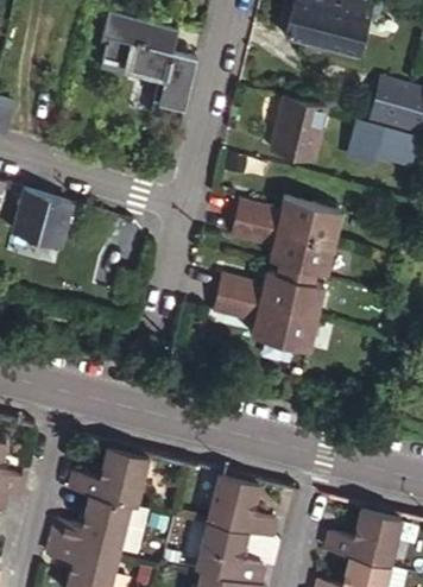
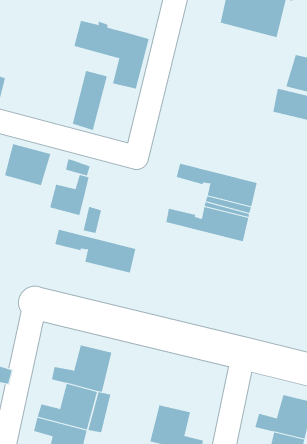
building: none -> [72,70,107,131]
building: [272,99,326,159] -> none
building: [235,196,342,241] -> none
building: none -> [49,174,89,216]
building: [213,291,316,347] -> [54,229,136,273]
building: [209,475,278,538] -> none

